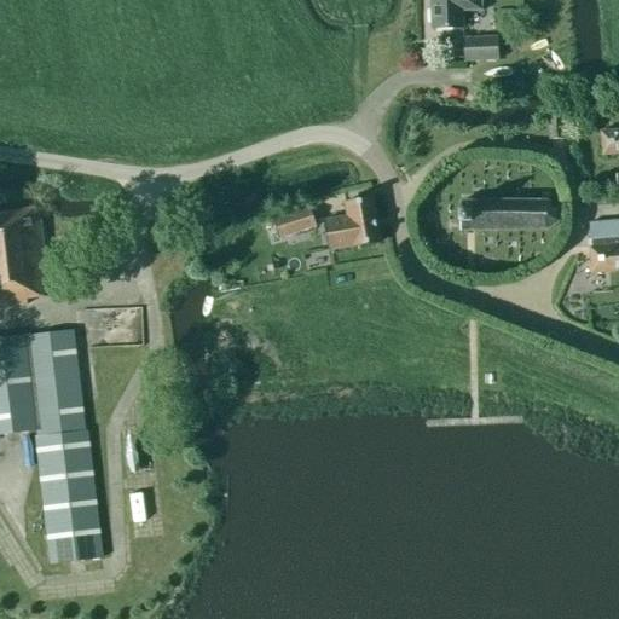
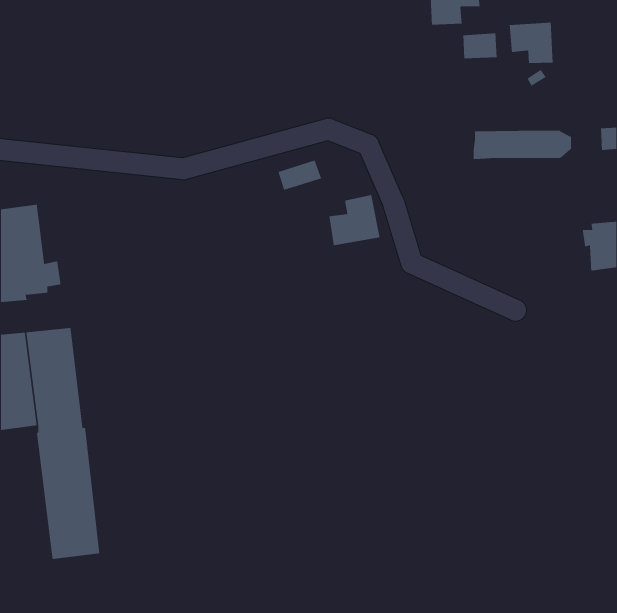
building: none -> [509,22,554,64]
building: [459,198,559,228] -> [473,130,572,160]
building: [272,204,317,236] -> [278,159,322,191]

